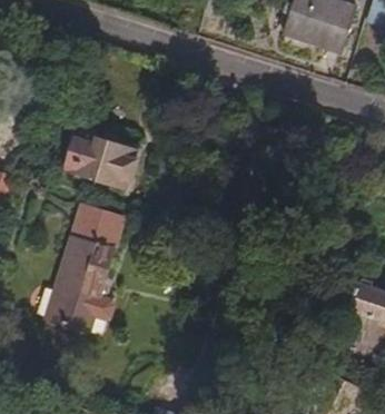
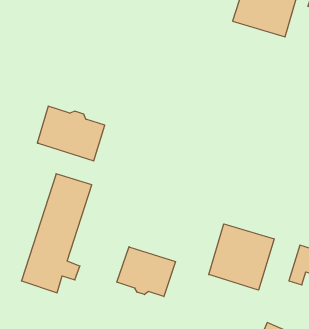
building: none -> [209,224,274,290]
building: none -> [117,247,175,297]

